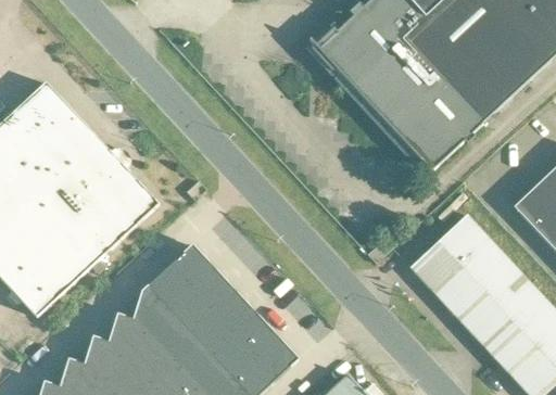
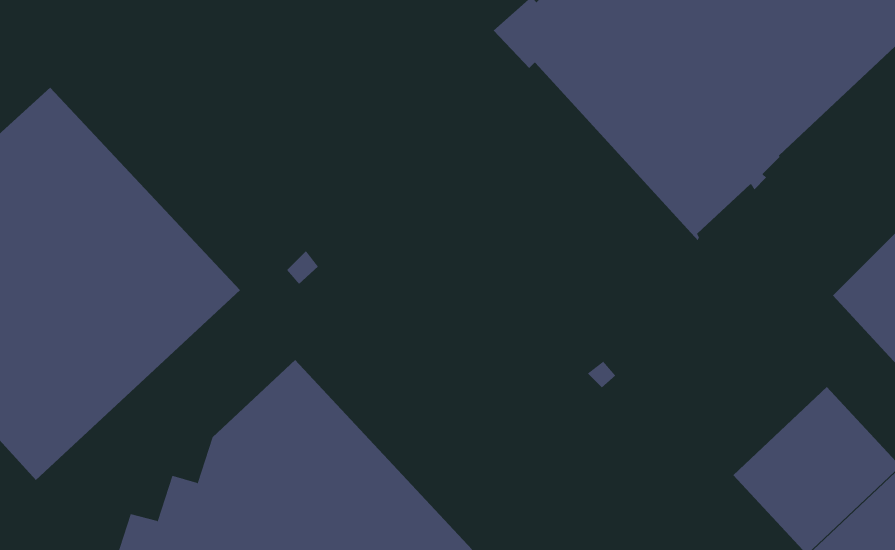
building: [410,214,510,314] -> none

